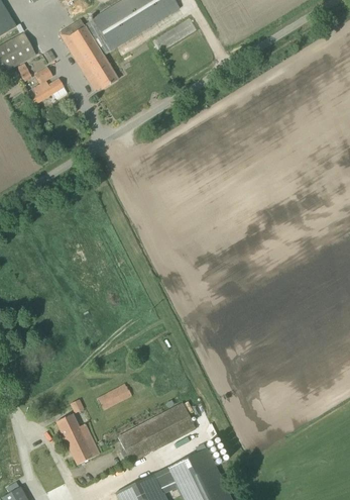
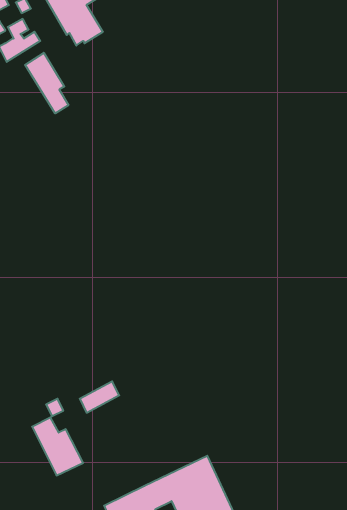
building: none -> [25,53,68,113]
building: [118,404,196,462] -> none

